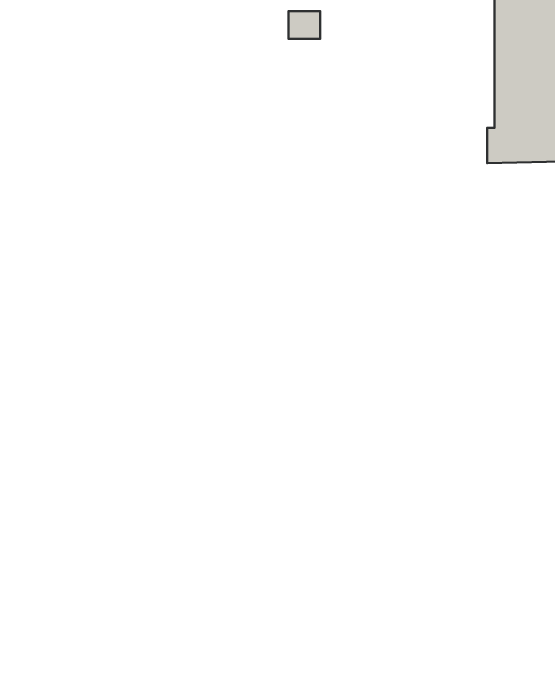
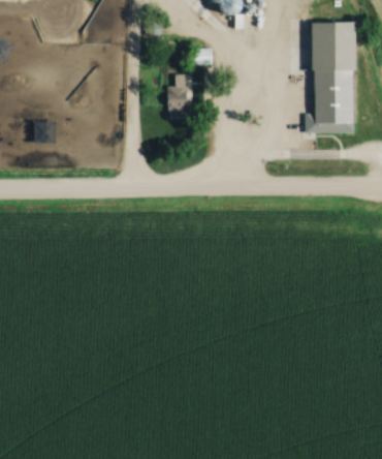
building: none -> [166,73,189,112]

